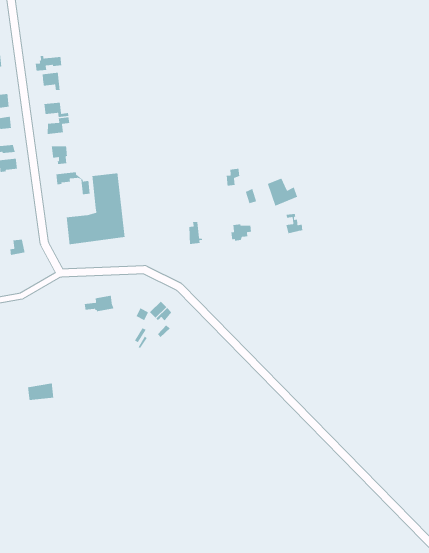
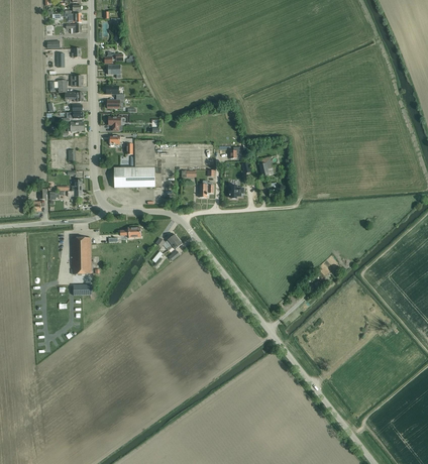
building: none -> [72,237,92,273]

